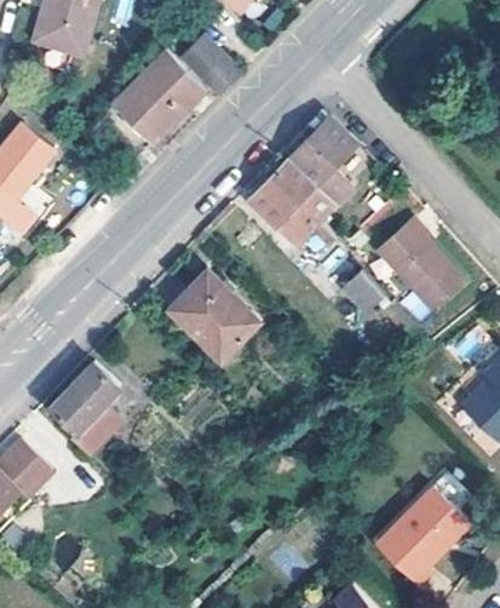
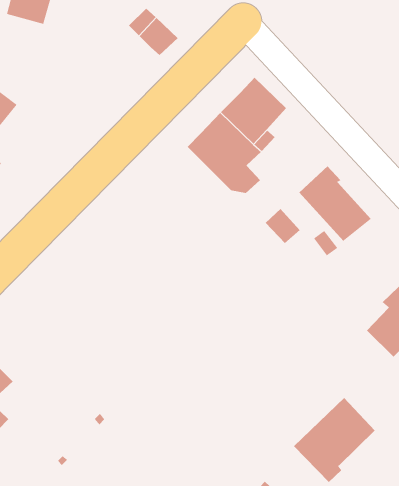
building: [115,50,203,140] -> none
building: [166,269,255,360] -> none
building: [47,361,116,453] -> none

